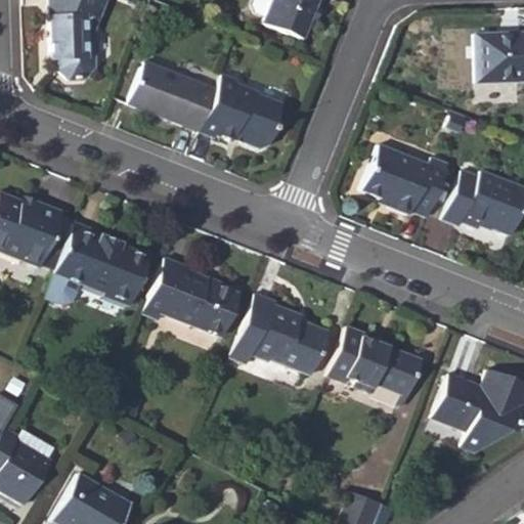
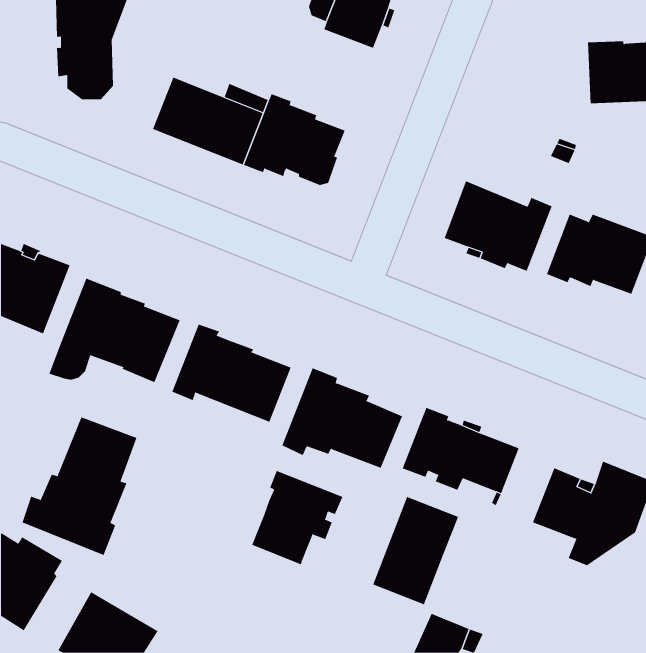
building: none -> [22,416,137,556]
building: none -> [252,470,343,565]
building: none -> [372,496,459,605]

